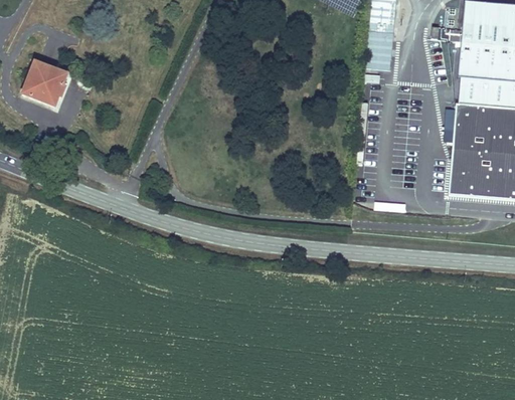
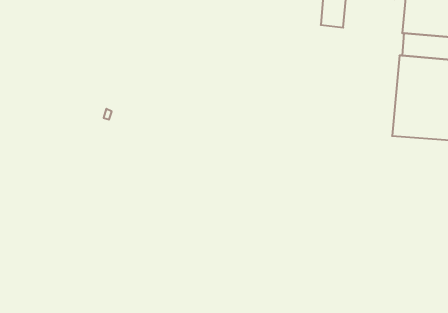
building: [21,59,69,107] -> none

